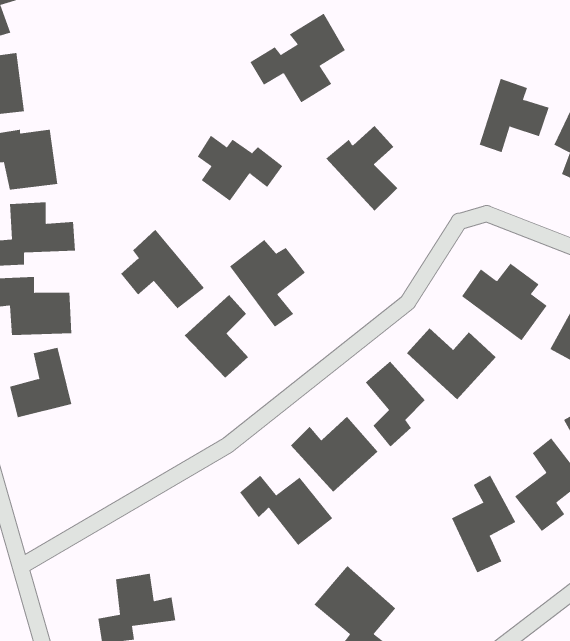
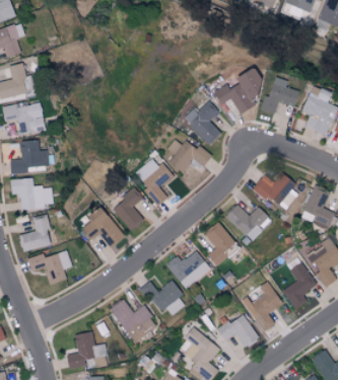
building: [250,13,346,103] -> [214,67,264,113]
building: [197,135,283,202] -> [167,139,212,173]
building: [120,229,205,309] -> [81,206,125,247]
building: none -> [28,250,73,285]
building: none -> [110,299,157,341]
building: none -> [218,313,259,348]

